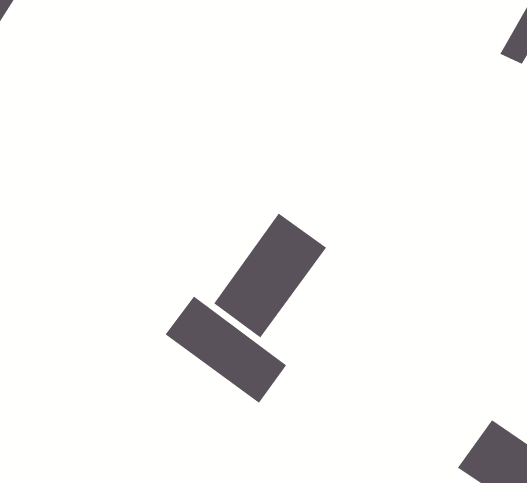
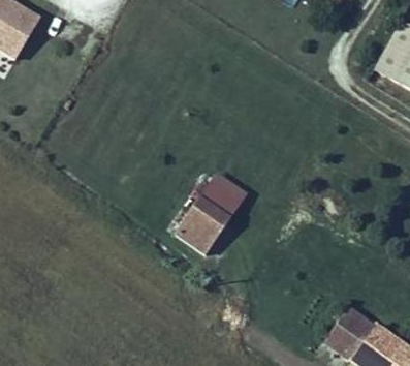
building: [165,296,287,404] -> none

